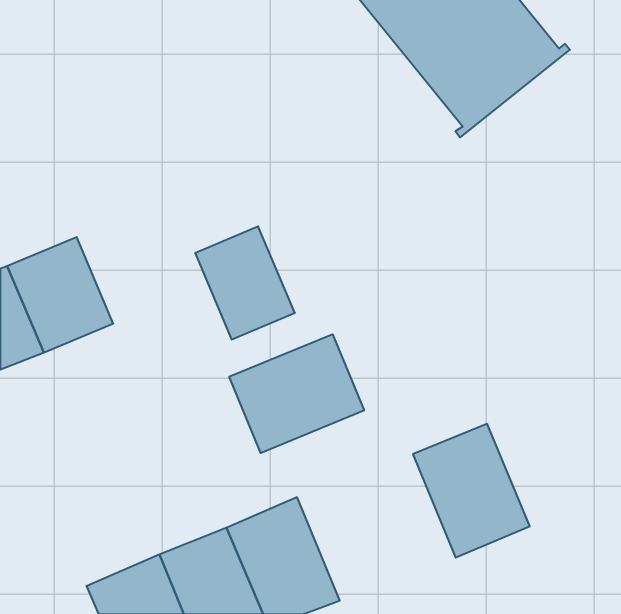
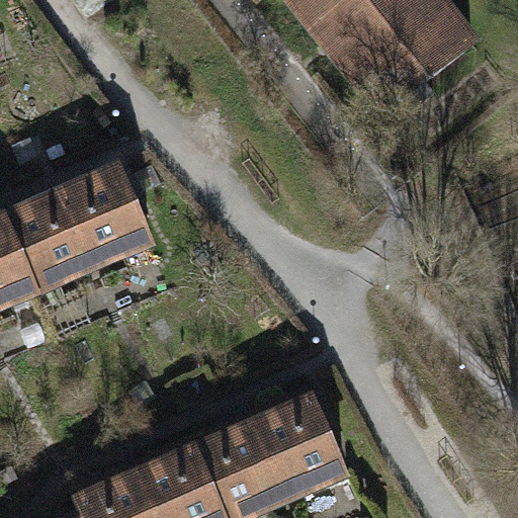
building: [195,226,295,340] -> [65,175,148,269]
building: [229,334,364,453] -> none
building: [413,424,530,558] -> [248,388,345,500]

